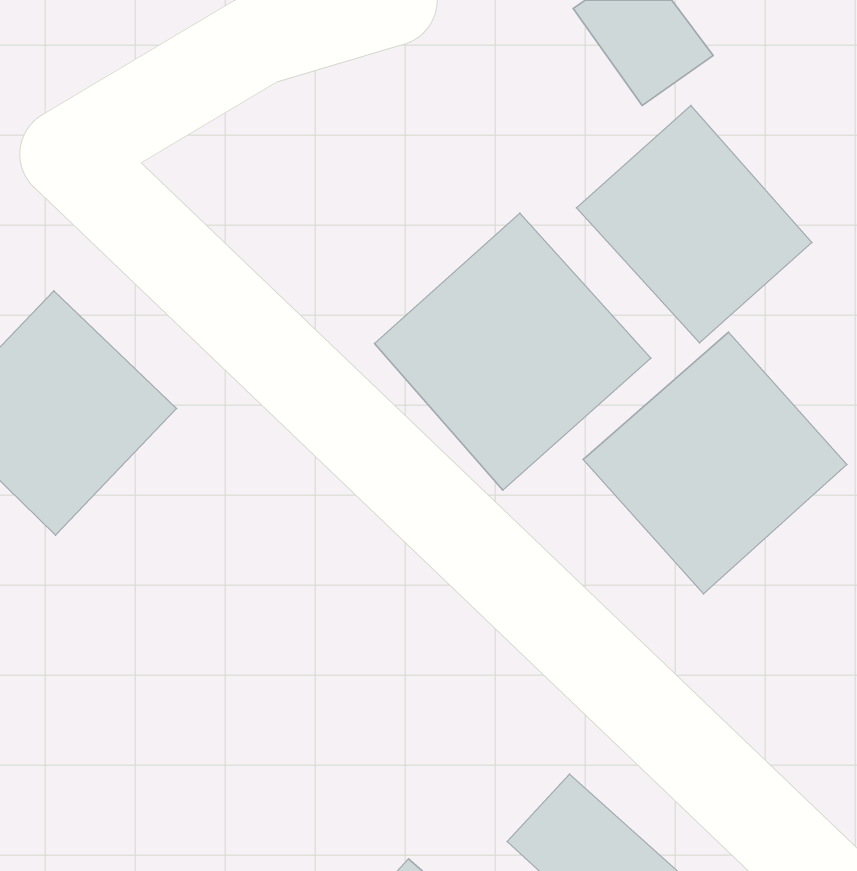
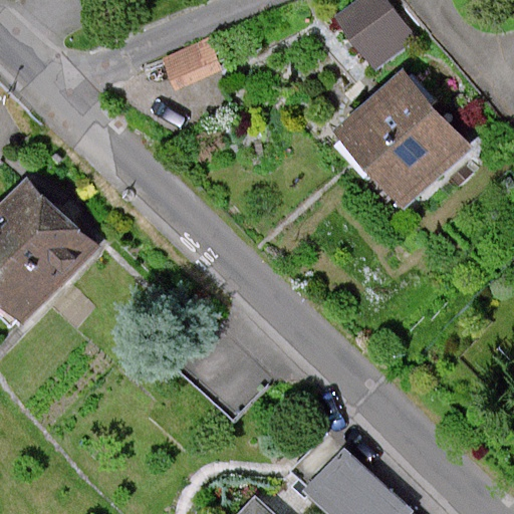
building: [375,213,651,490] -> none
building: [583,332,847,594] -> none

